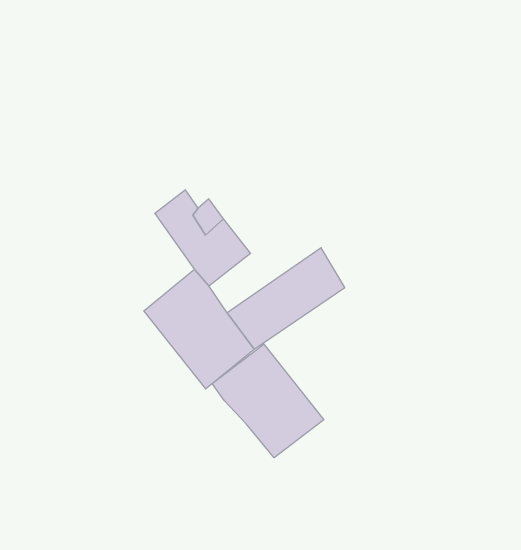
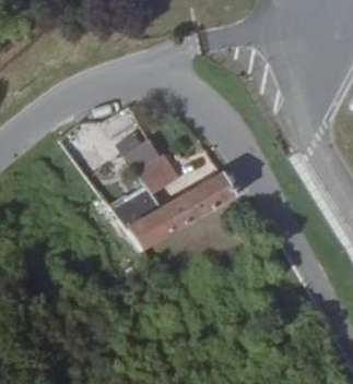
building: [212,344,324,458] -> none

